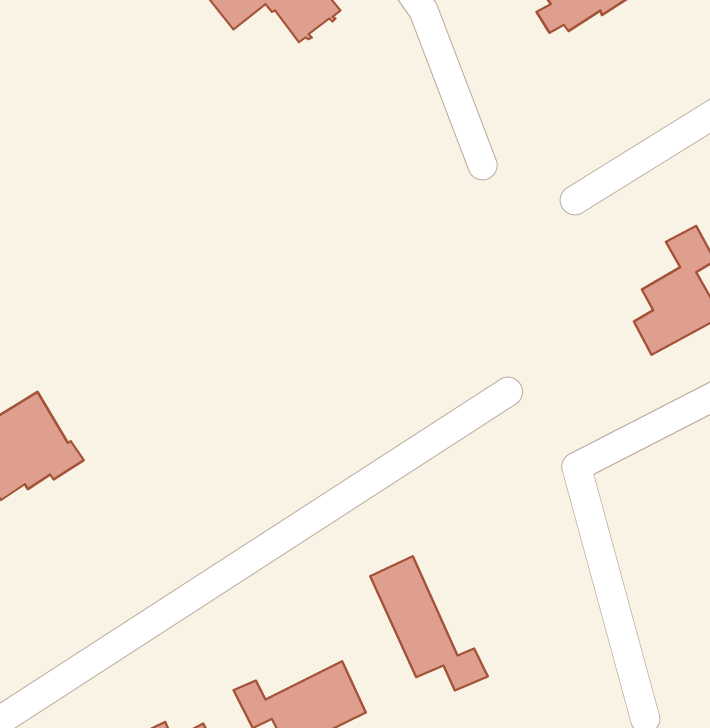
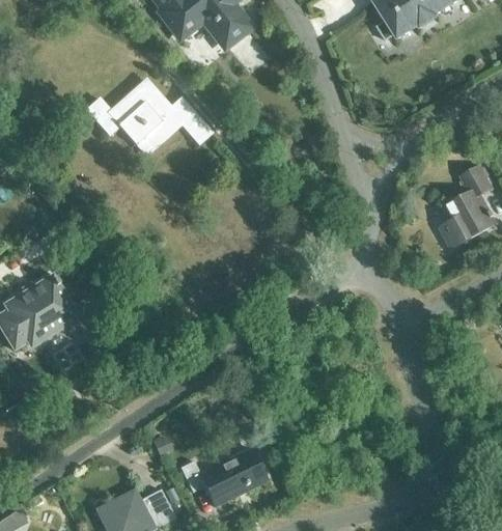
building: none -> [87,80,208,150]
building: [370,556,488,690] -> none

